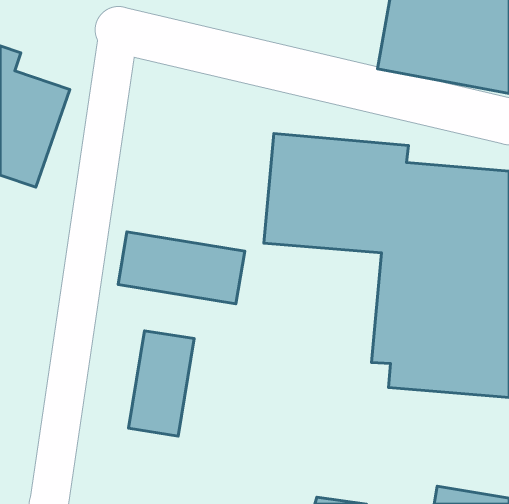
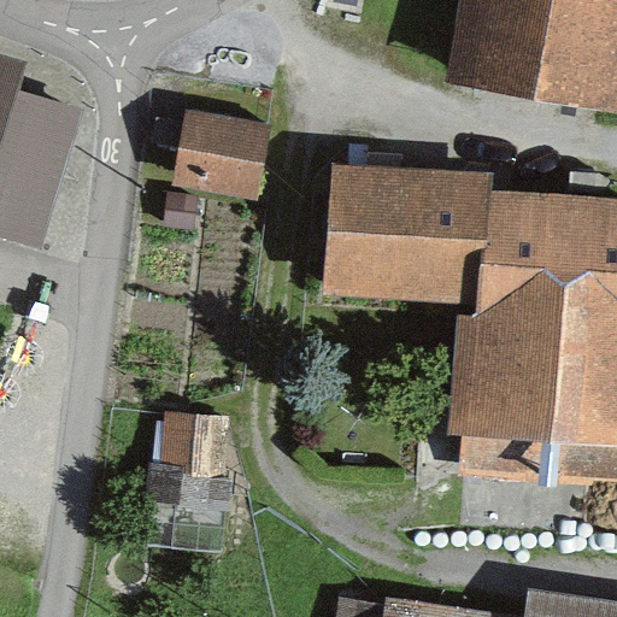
building: none -> [177,108,269,198]
building: [118,232,245,304] -> none

